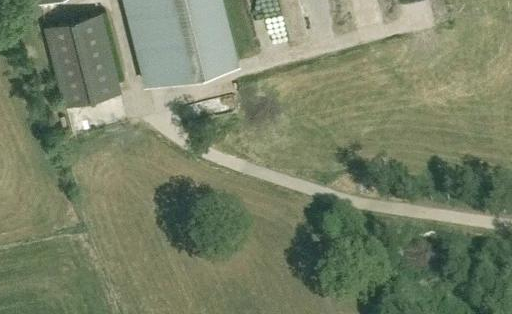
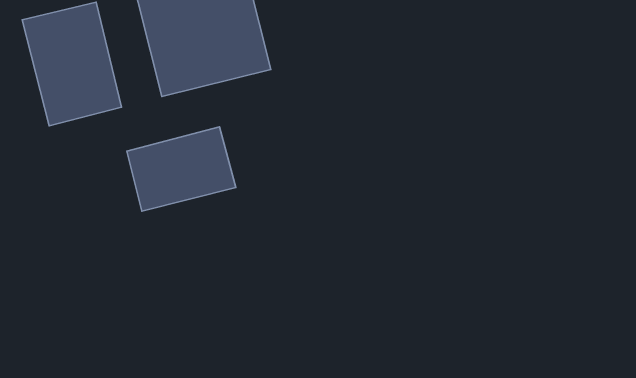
building: none -> [127,127,236,211]

